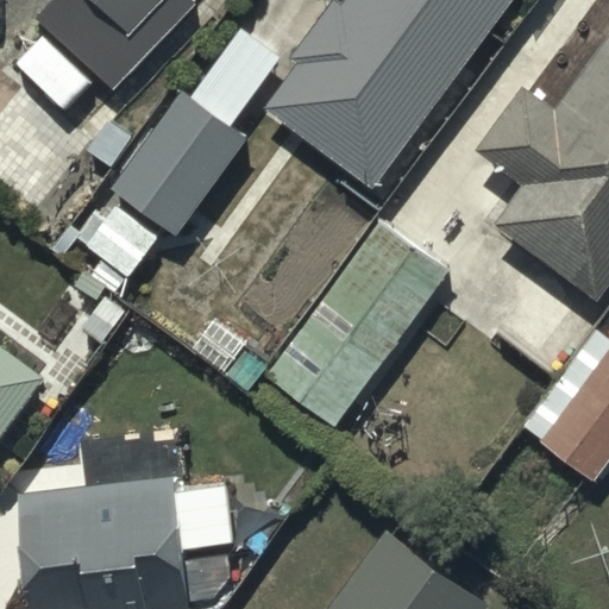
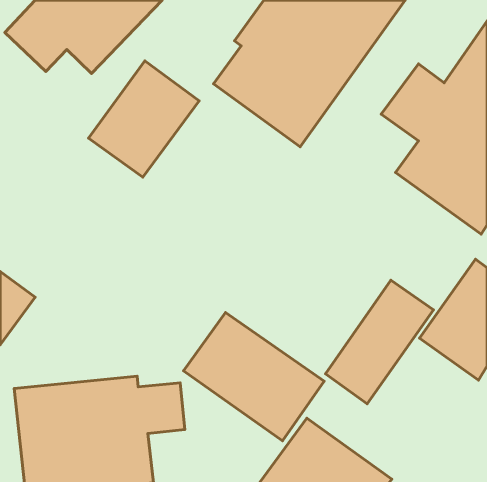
building: [266,221,446,428] -> none
building: none -> [326,280,433,404]
building: none -> [183,312,324,441]

